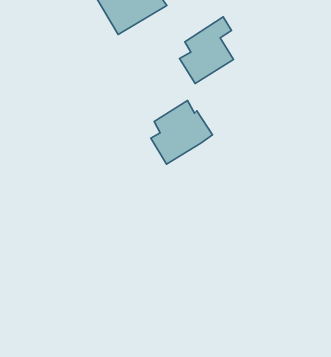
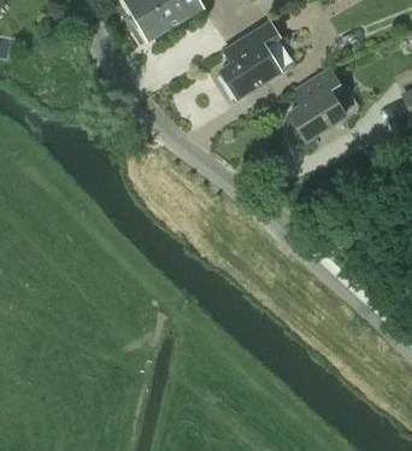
building: [151,101,212,164] -> [288,66,359,140]

